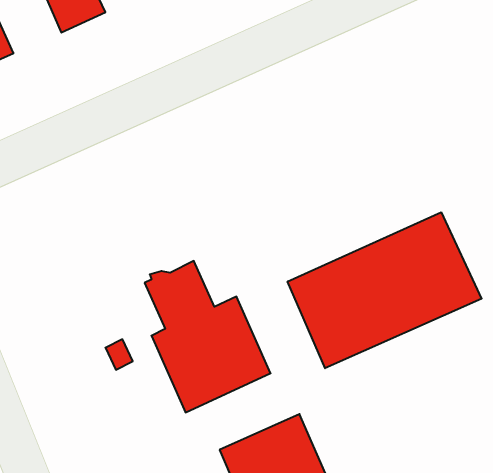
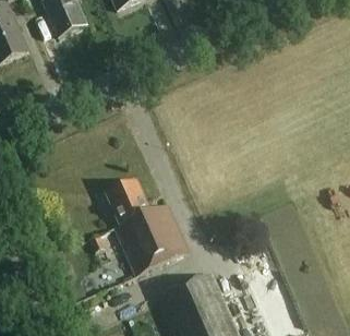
building: [288,212,482,368] -> none

